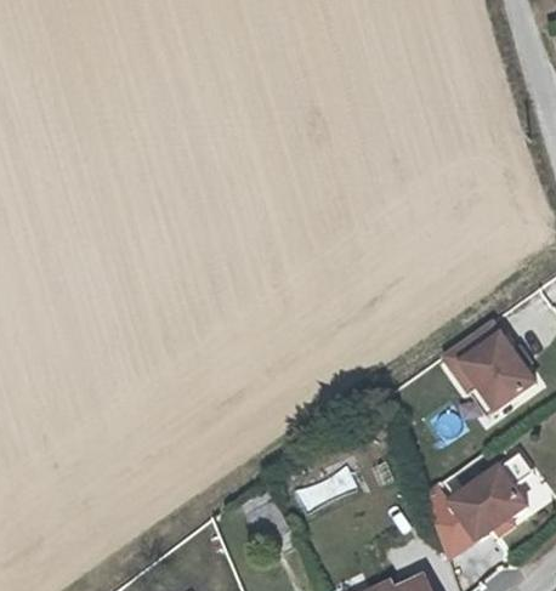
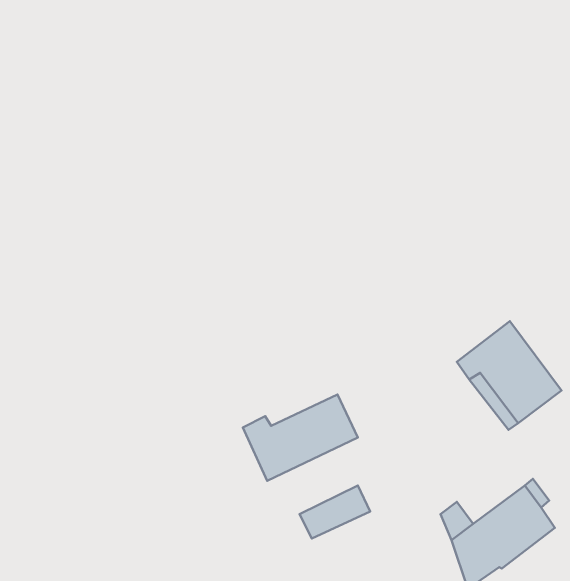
building: none -> [243,395,358,481]

